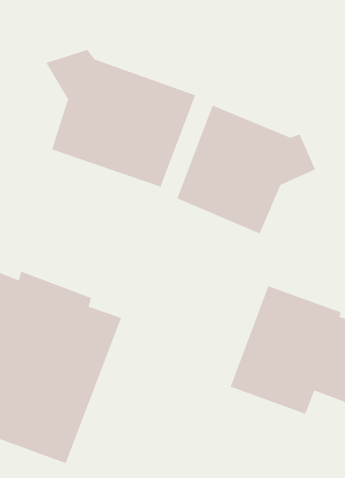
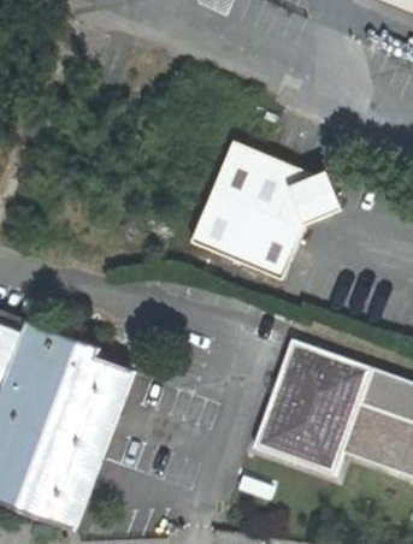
building: [45,49,196,187] -> none

